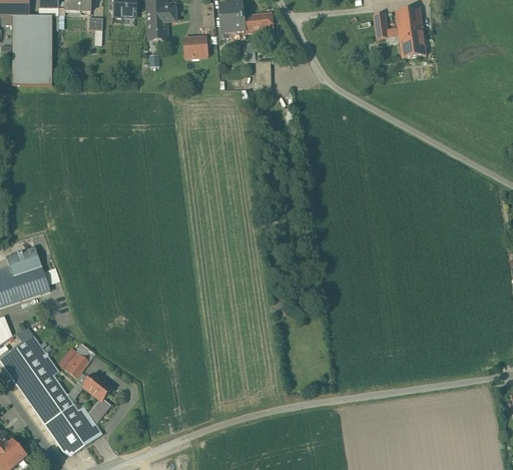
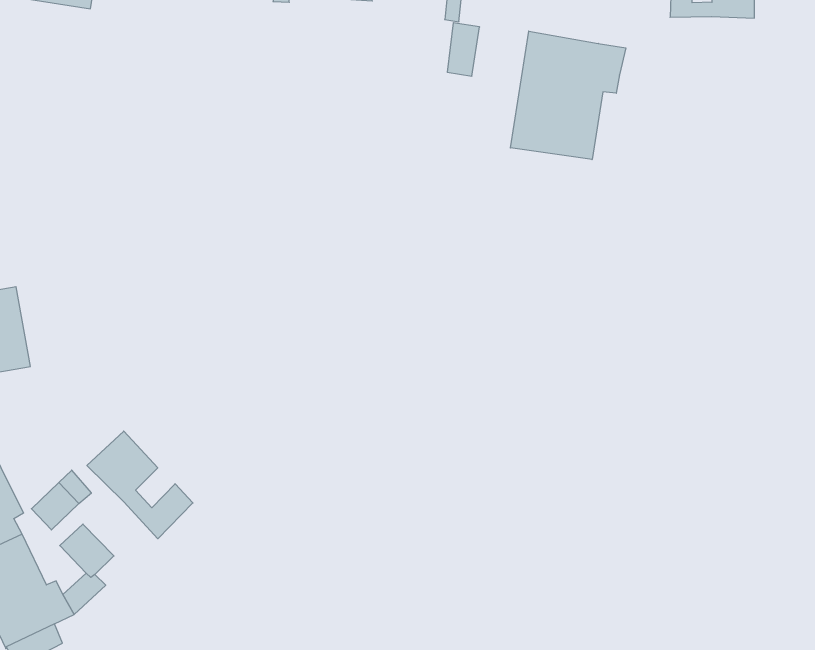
building: [398,31,425,57] -> none
building: none -> [510,31,626,160]
building: none -> [87,431,193,539]

